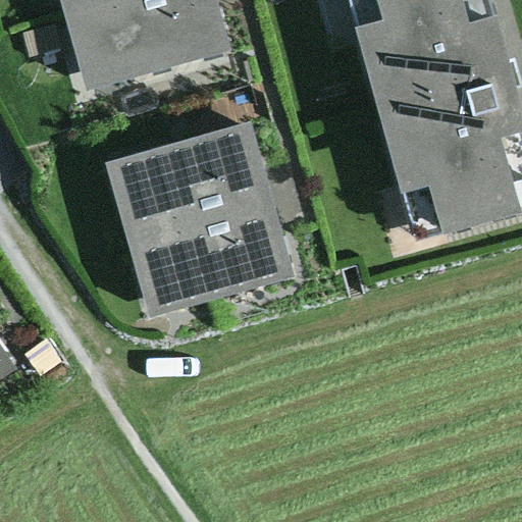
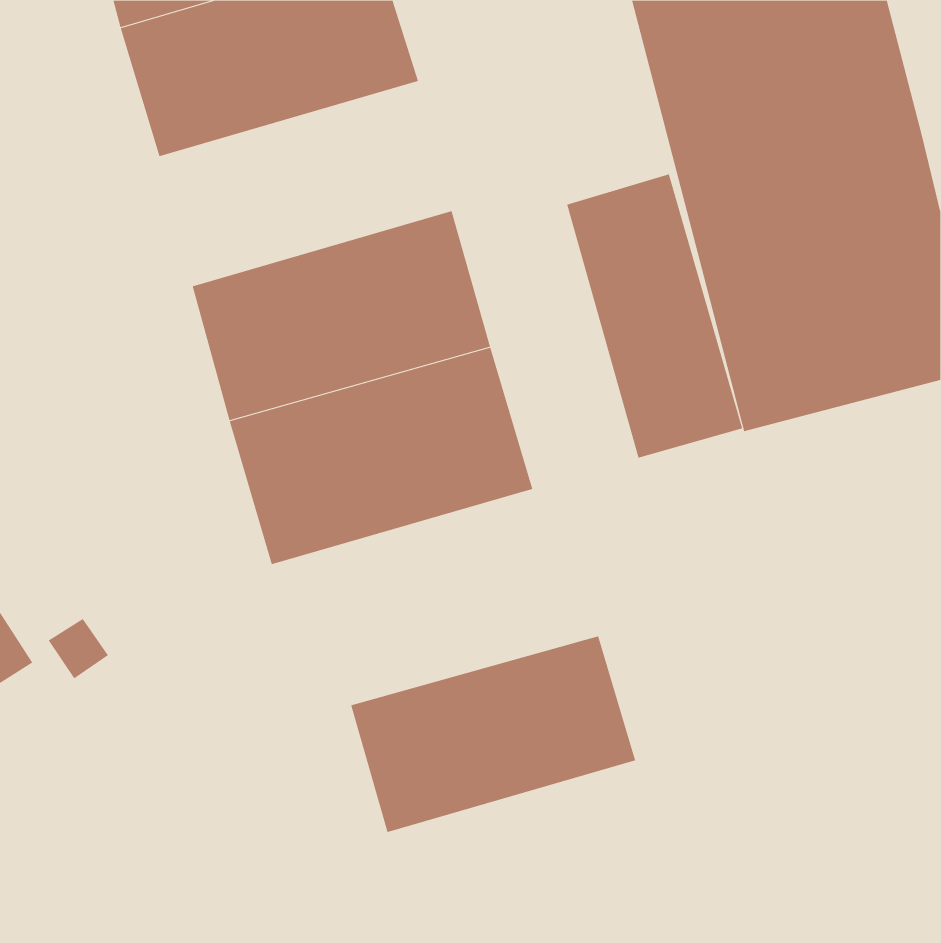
building: none -> [566,174,743,459]
building: none -> [350,635,636,833]

